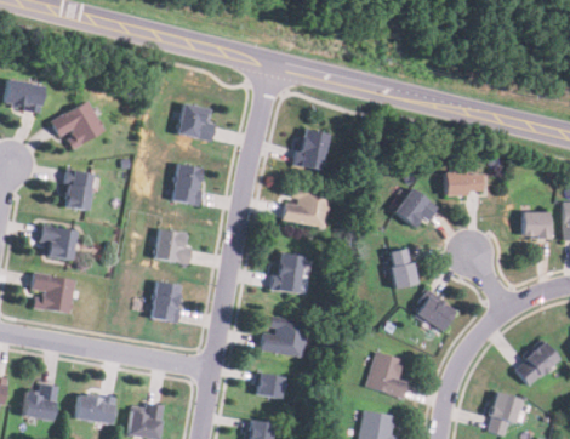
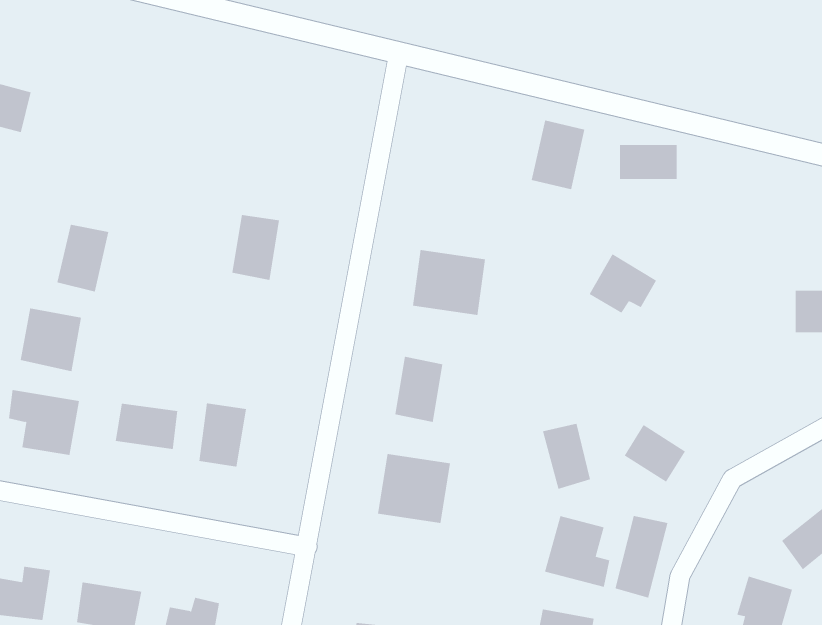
building: [51,101,106,147] -> none
building: [178,103,216,141] -> none
building: [293,127,327,171] -> [531,120,585,190]
building: [445,172,481,194] -> [619,145,677,180]
building: [153,228,193,264] -> none
building: [387,247,417,289] -> [542,423,591,489]
building: none -> [115,403,178,450]
building: none -> [615,515,668,599]
building: [253,370,281,398] -> none

